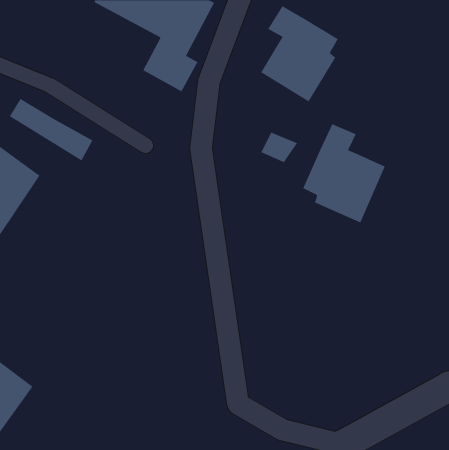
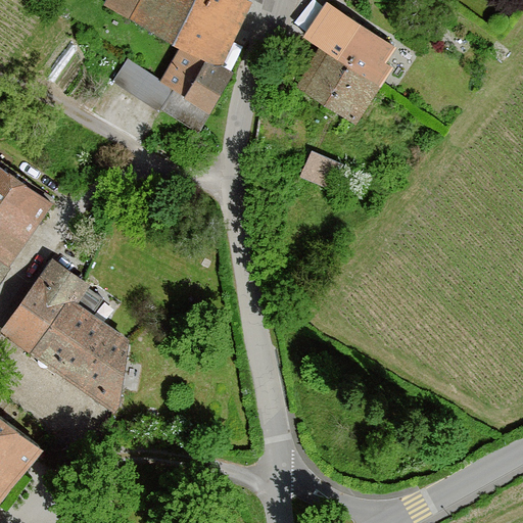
building: [9,98,93,161] -> [112,58,210,132]
building: [302,123,386,223] -> none
building: none -> [5,262,126,408]

